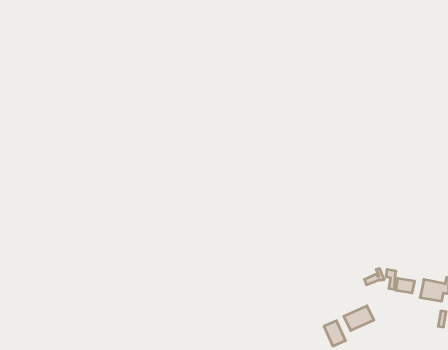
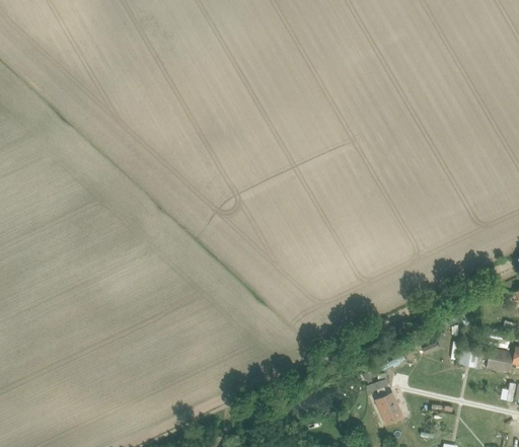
building: [344,306,374,331] -> none

